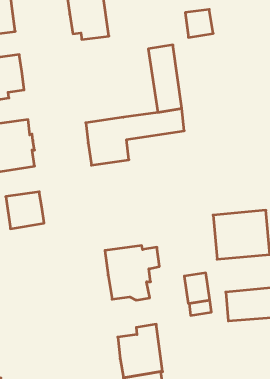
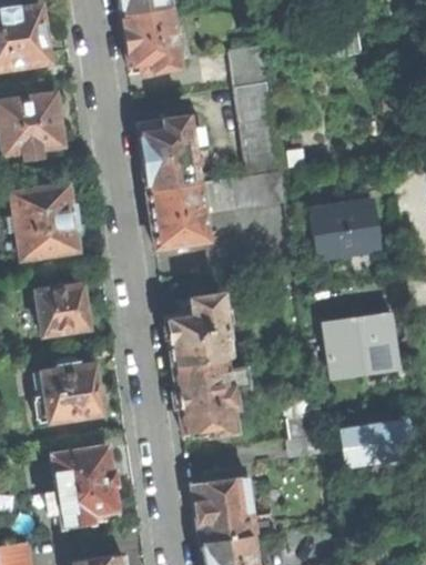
building: [185,9,213,37] -> [230,48,268,87]
building: none -> [138,114,206,189]
building: none -> [312,199,383,259]
building: none -> [166,294,231,365]
building: none -> [34,362,106,423]
building: none -> [45,447,116,526]

